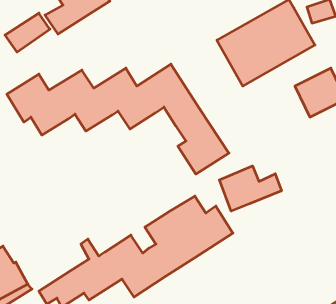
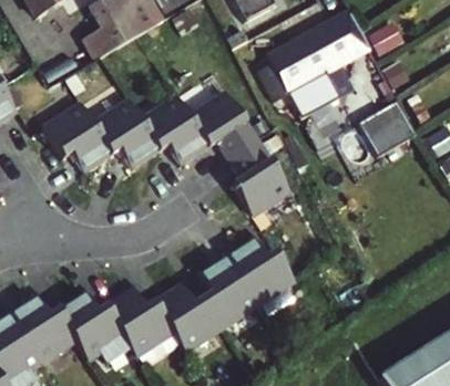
building: [219,166,281,211] -> none
building: none -> [52,293,133,345]

